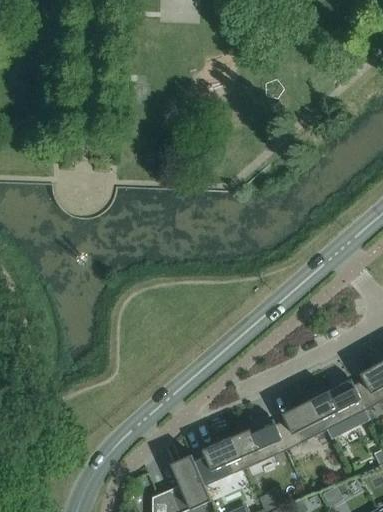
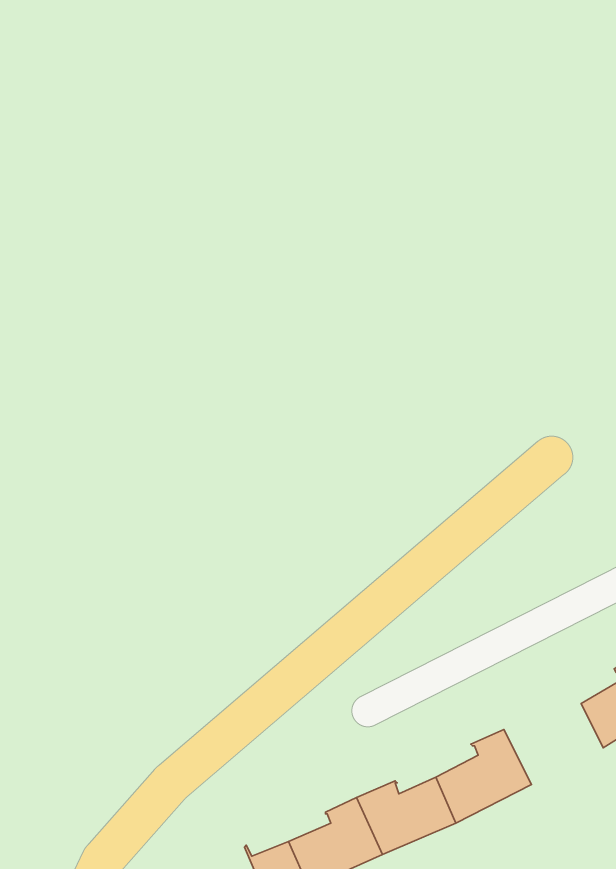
building: [312,385,366,429] -> none

